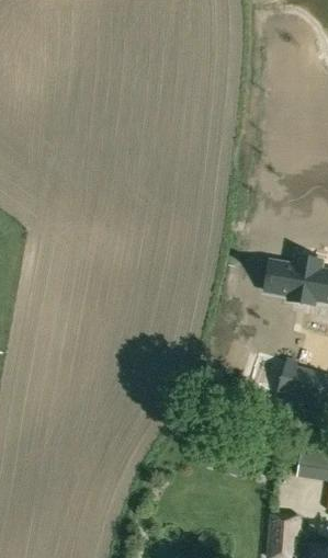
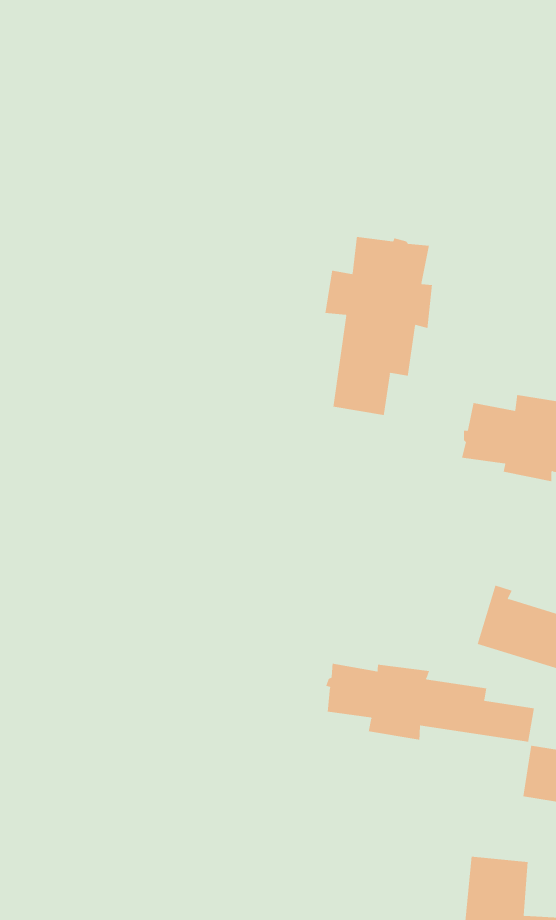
building: none -> [325,236,432,416]
building: none -> [326,663,534,742]

